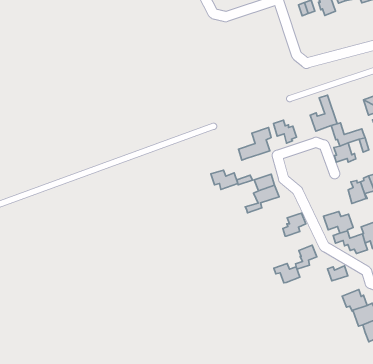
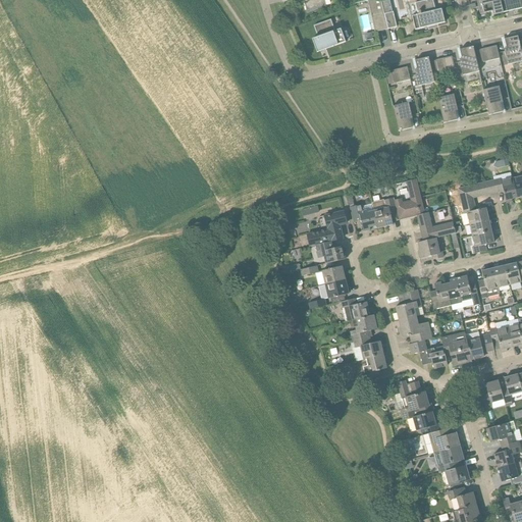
building: none -> [438,94,459,121]
building: none -> [394,102,413,129]
building: none -> [373,197,399,227]
building: [211,170,238,189] -> [316,241,347,263]
building: none -> [396,289,421,320]
building: none -> [342,298,370,320]
building: [274,263,300,283] -> [354,335,383,358]
building: none -> [401,390,434,419]

